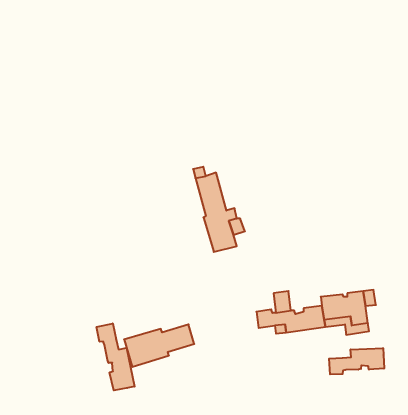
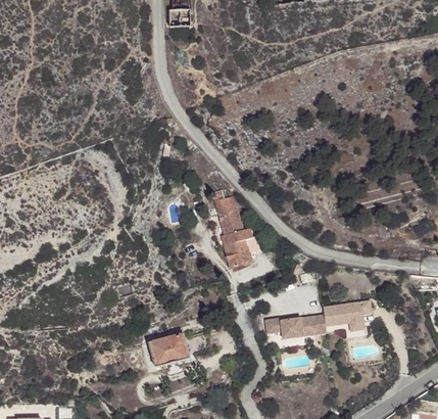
building: [97,323,135,390] -> none
building: [329,348,384,374] -> none

